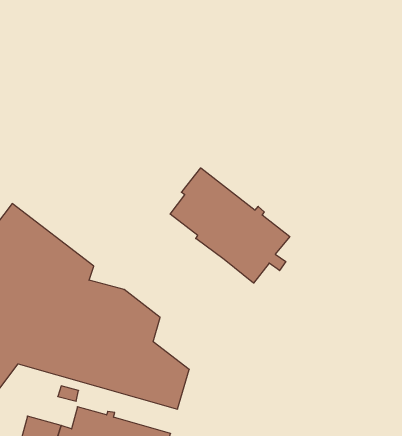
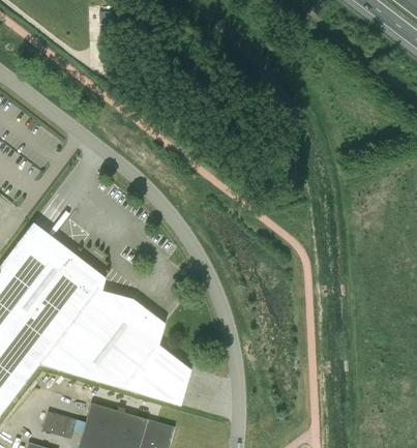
building: [170,168,290,283] -> none

